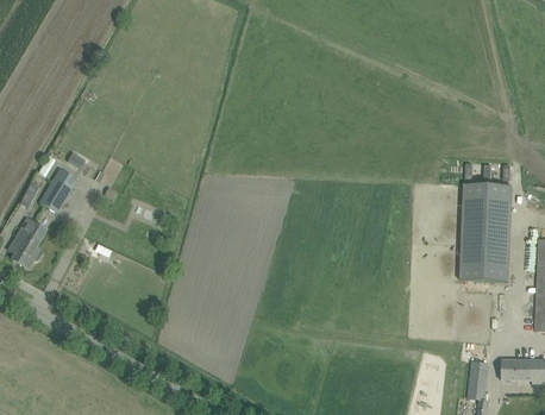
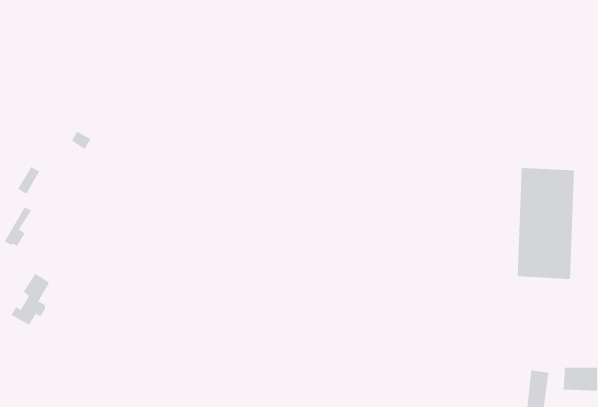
building: [38,166,76,212] -> none
building: [12,221,46,268] -> [11,273,50,326]

